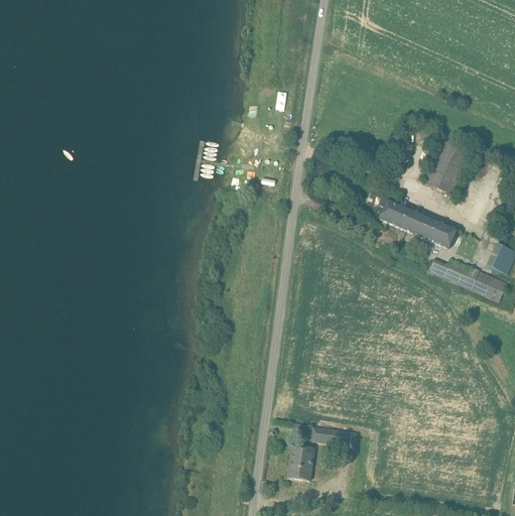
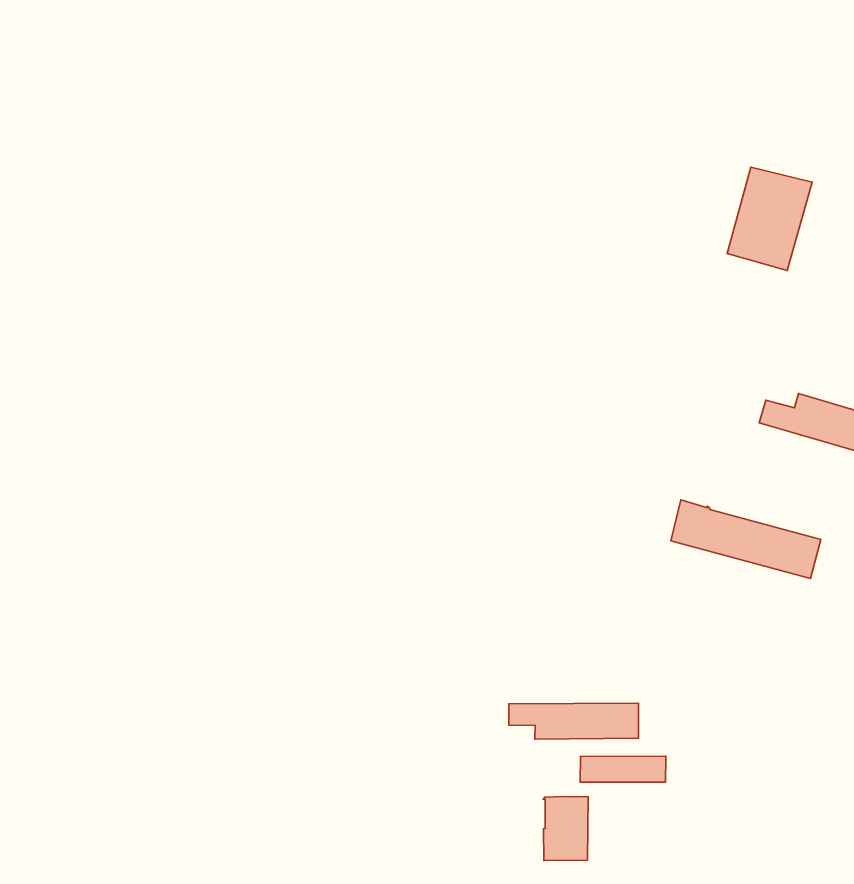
building: [380,199,457,248] -> [671,500,821,578]
building: none -> [509,703,639,739]

